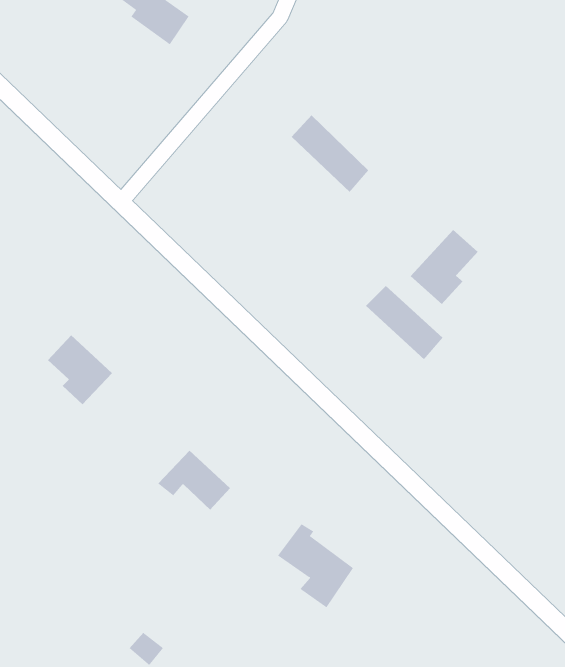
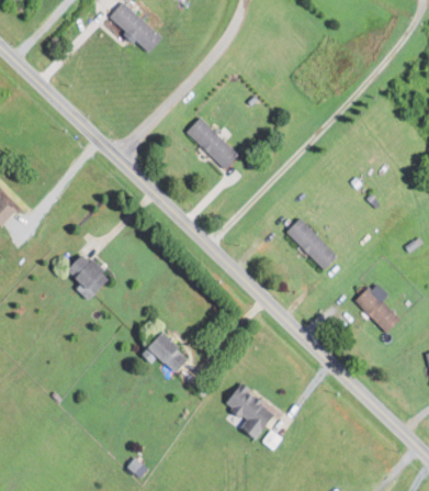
building: [291,115,369,193] -> [184,115,238,169]
building: [410,229,478,305] -> none
building: none -> [354,280,398,332]

